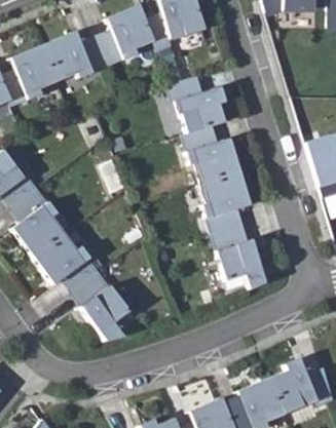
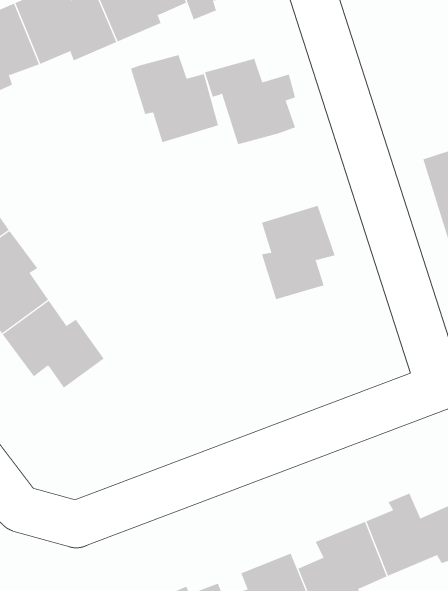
building: [183,126,240,184] -> [130,54,219,143]
building: [213,225,266,290] -> none
building: [75,272,130,342] -> none

